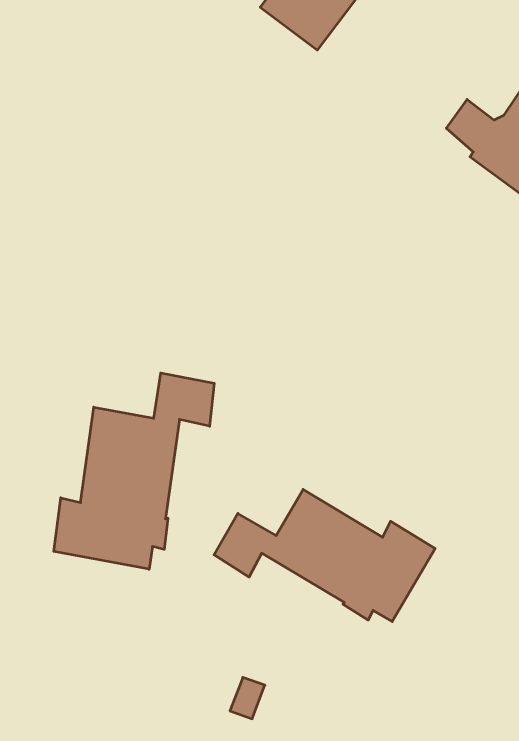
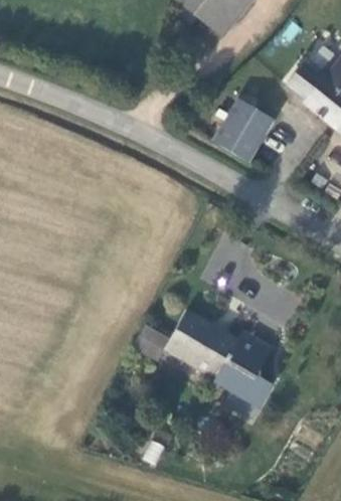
building: none -> [214,93,272,165]
building: [54,373,214,569] -> none

